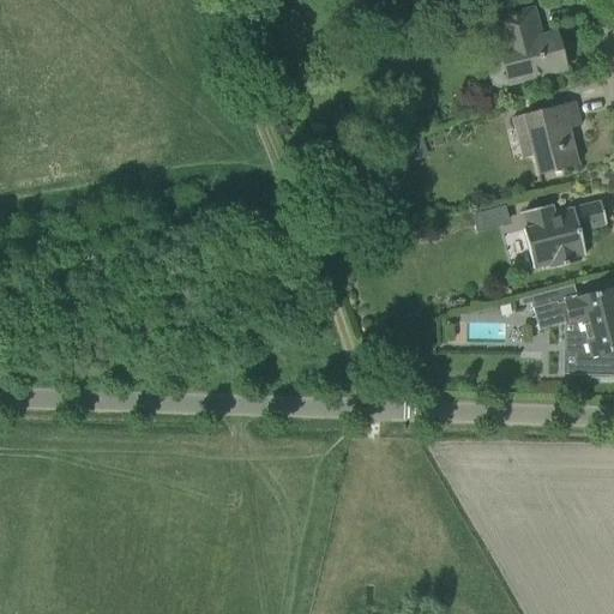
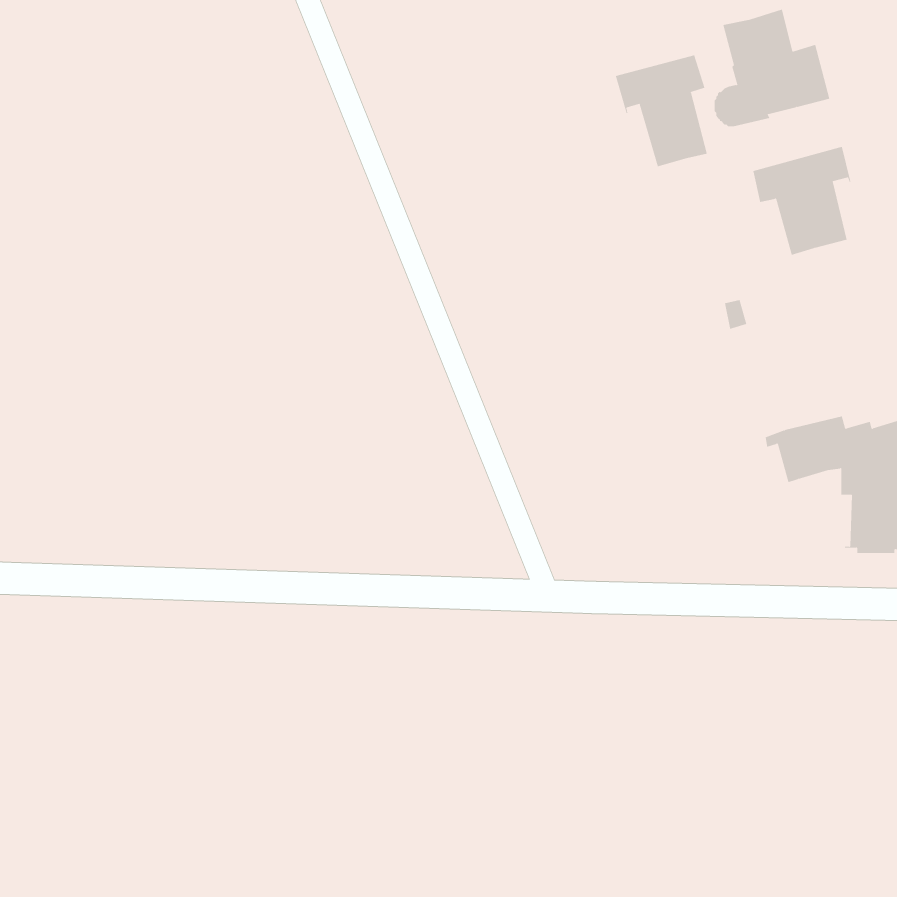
building: none -> [615,54,707,167]
building: [524,200,608,267] -> none

